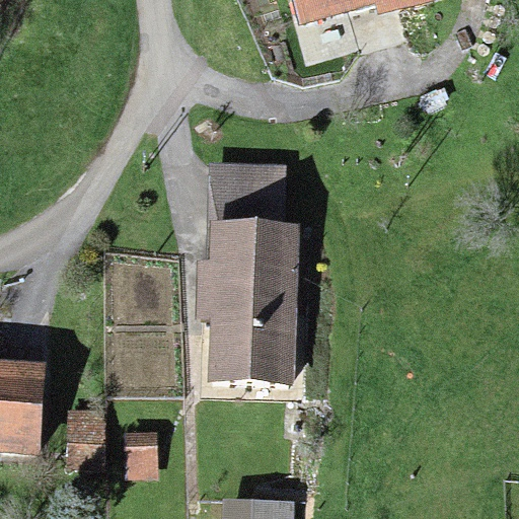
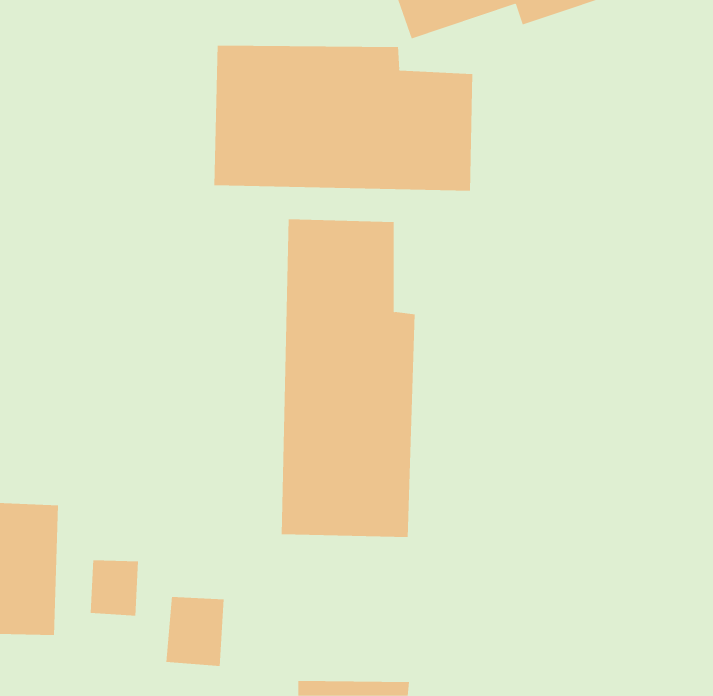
building: none -> [214,45,473,192]

